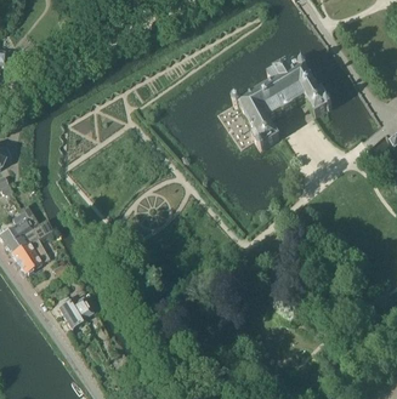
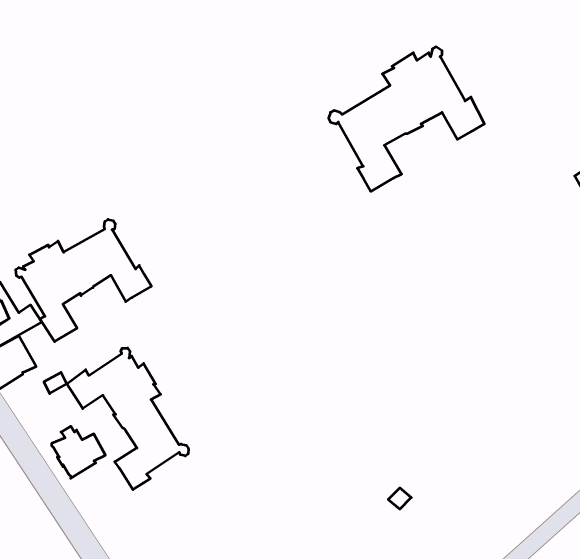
building: none -> [16,219,151,342]
building: none -> [67,348,188,490]

